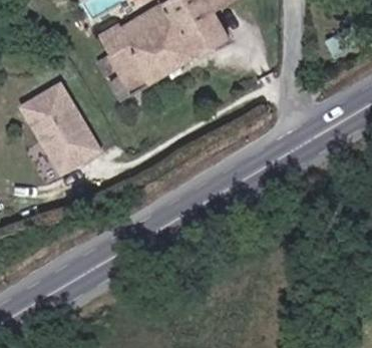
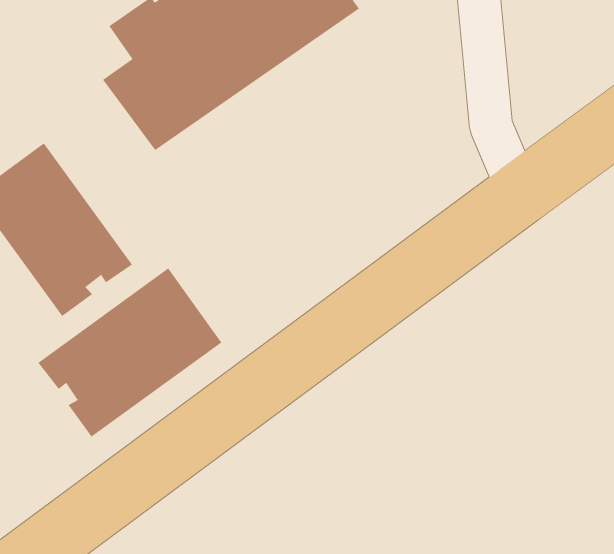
building: none -> [37,267,222,438]

